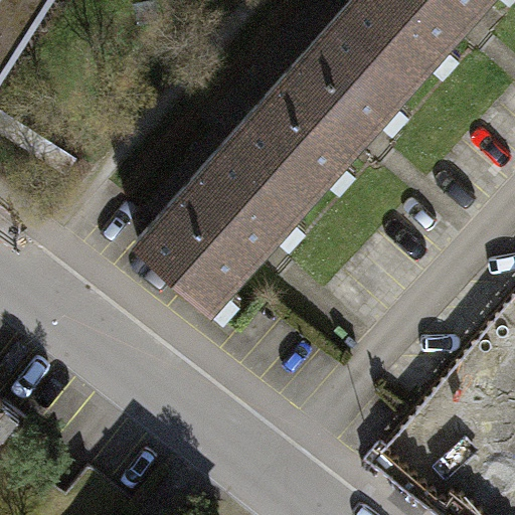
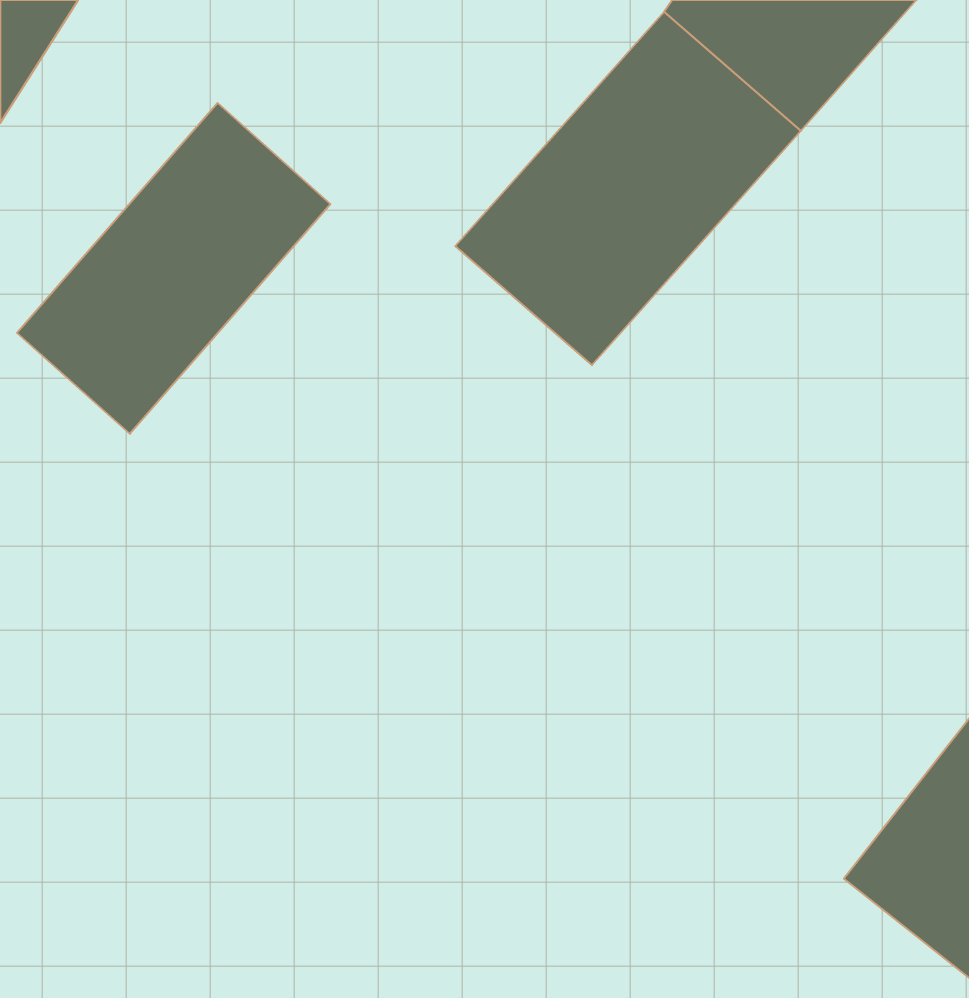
building: none -> [17,103,330,434]
building: [153,127,320,299] -> none

